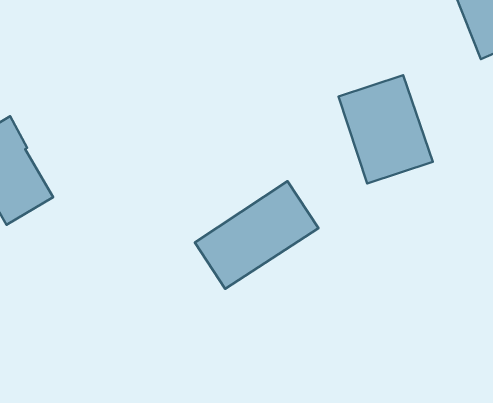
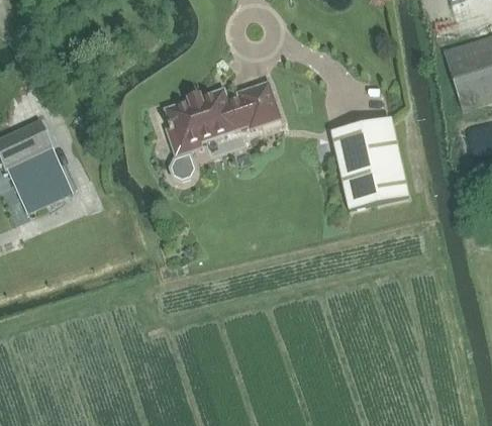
building: none -> [167,82,280,178]
building: [195,181,318,289] -> none

